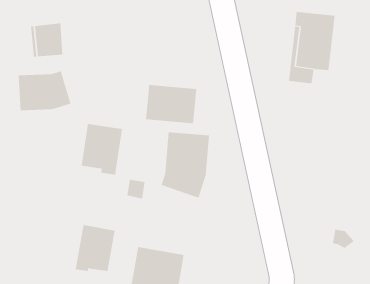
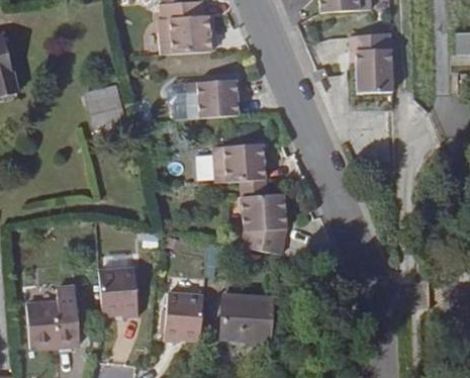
building: none -> [183,68,236,108]
building: [18,70,71,111] -> none
building: [81,123,123,175] -> [102,263,139,311]

